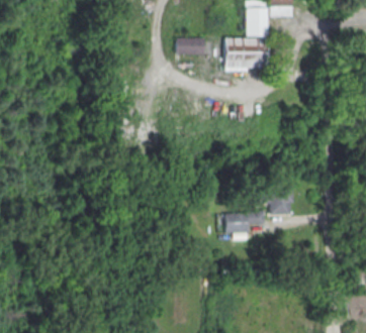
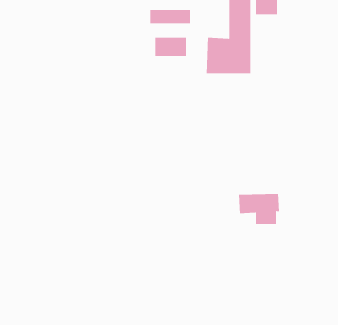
building: none -> [150,9,190,24]
building: [225,210,266,233] -> none

